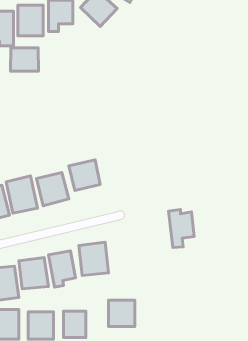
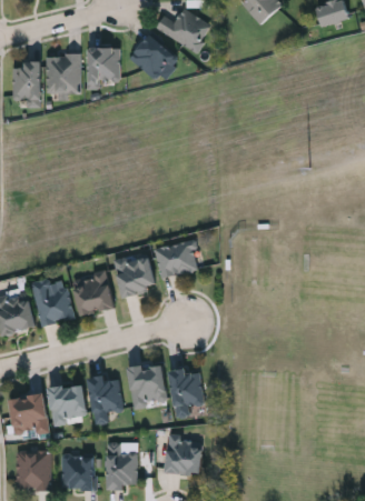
building: [10,48,39,71] -> none
building: none -> [154,241,197,277]
building: [169,209,194,248] -> [169,369,203,419]

